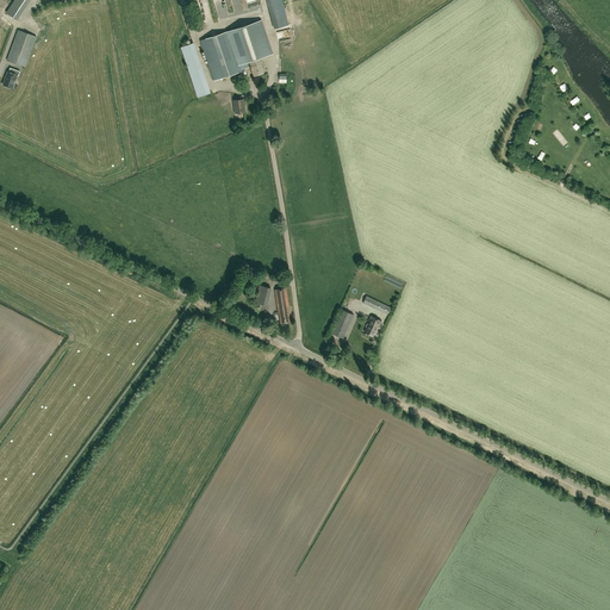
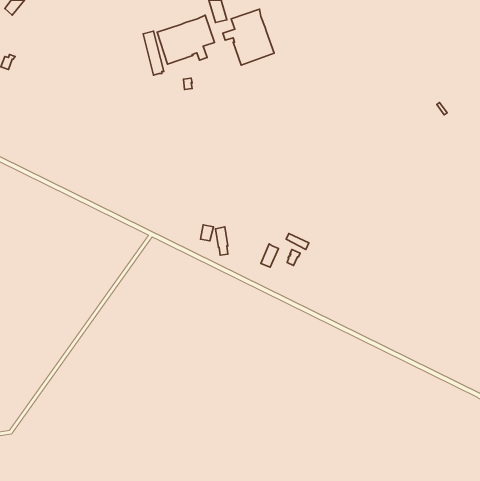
building: none -> [223,9,274,65]
building: [6,30,35,67] -> none

